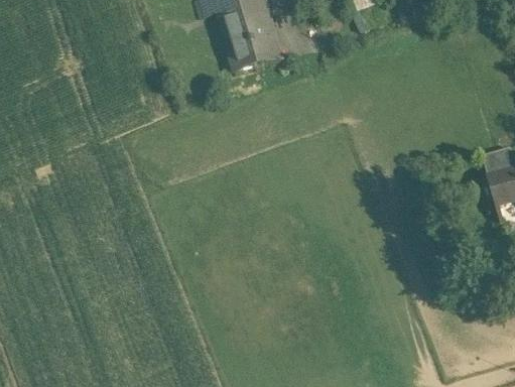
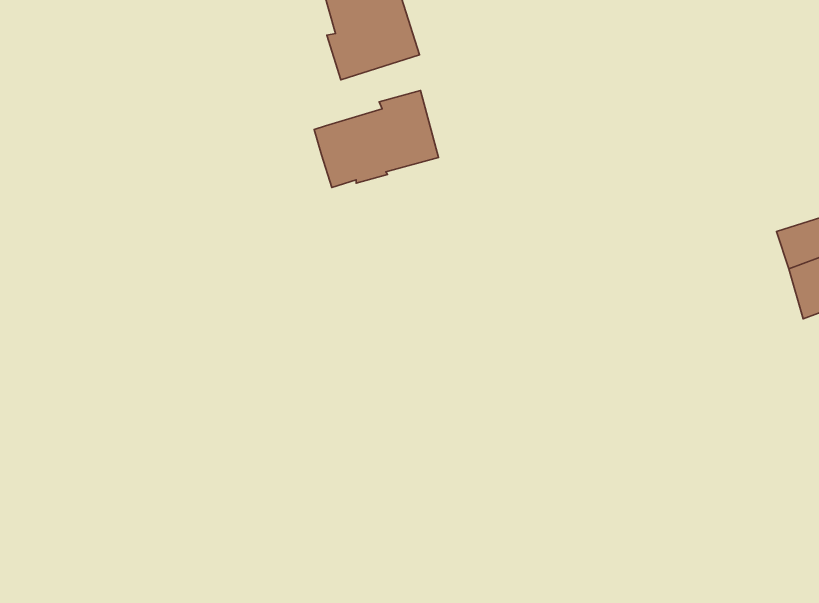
building: none -> [314,91,438,187]

